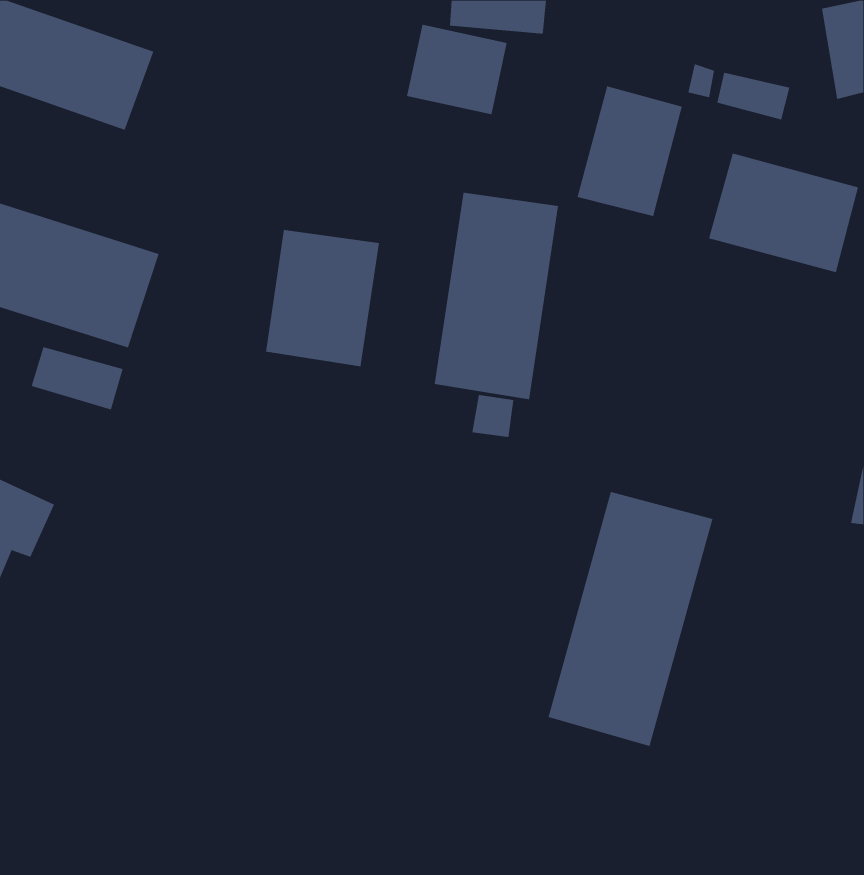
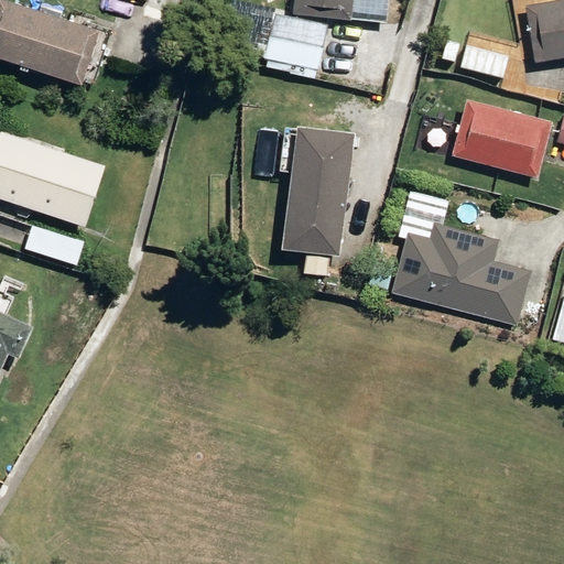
building: [577,86,683,217] -> none
building: [266,229,380,367] -> none
building: none -> [390,224,531,327]
building: [548,491,713,747] -> none

